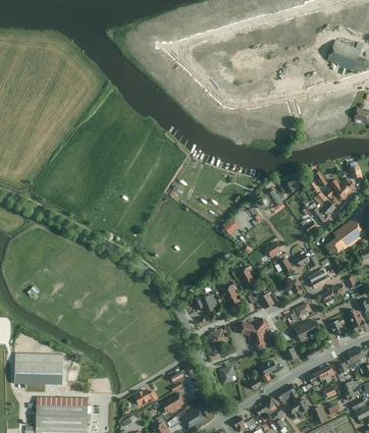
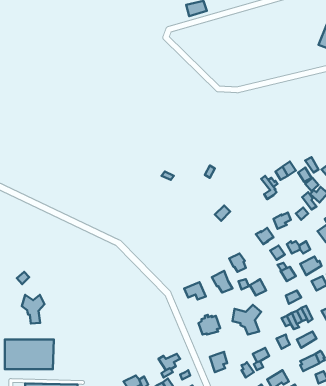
building: none -> [22,295,45,323]

